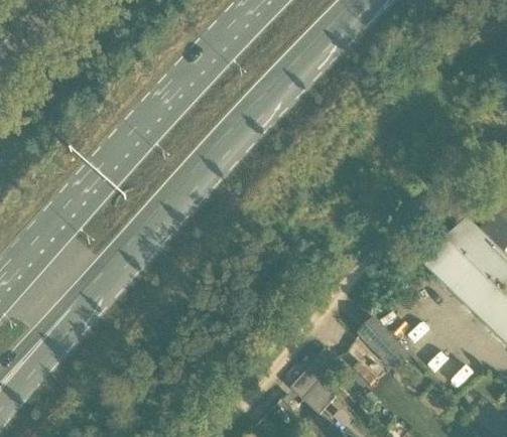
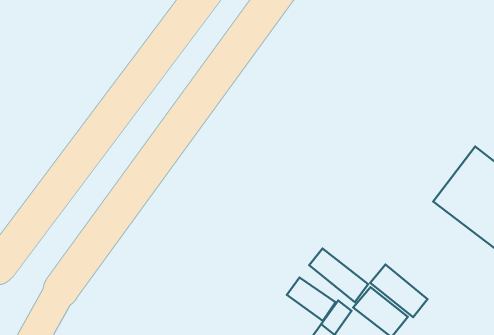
building: none -> [309,248,368,302]
building: none -> [287,277,335,321]

